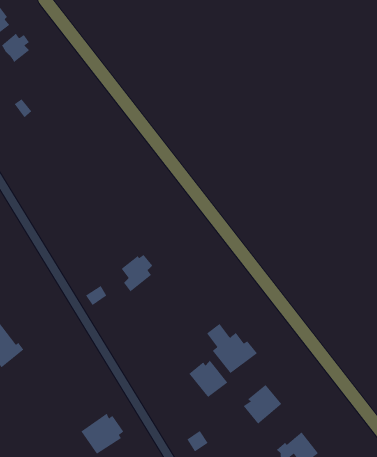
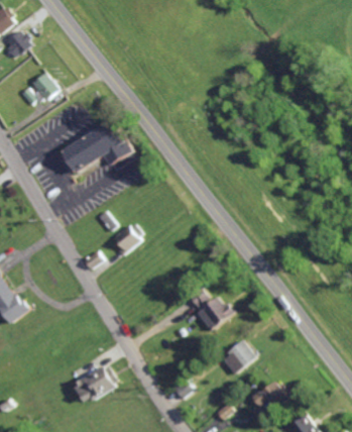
building: none -> [31,74,58,102]
building: none -> [63,121,137,176]
building: [189,360,228,398] -> none

